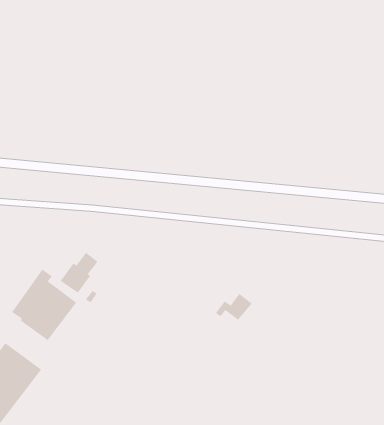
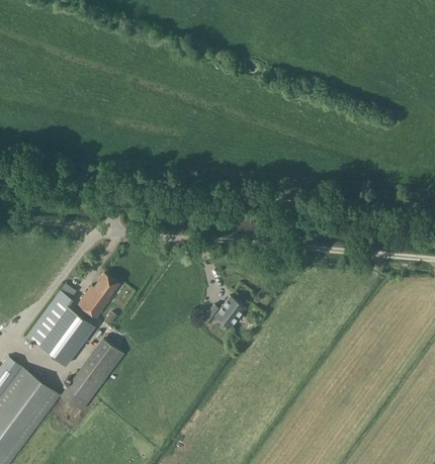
building: [215,293,253,321] -> [204,297,244,327]
building: none -> [62,340,122,411]

